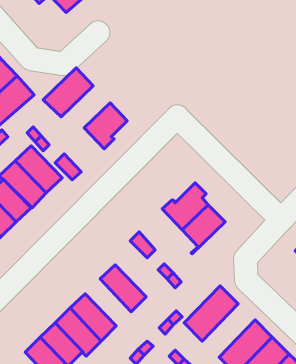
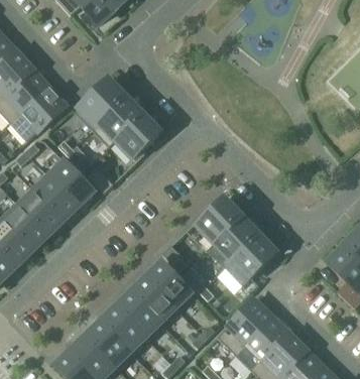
building: none -> [93,98,142,140]
building: none -> [225,235,275,285]
building: none -> [147,263,195,310]
building: none -> [117,292,163,340]
building: none -> [235,318,288,371]

